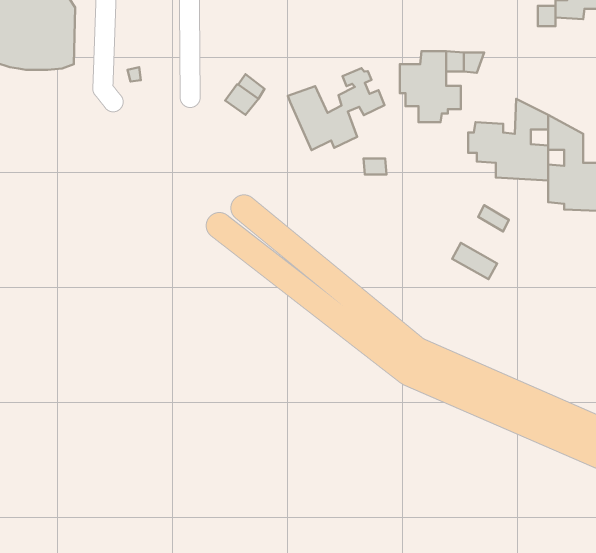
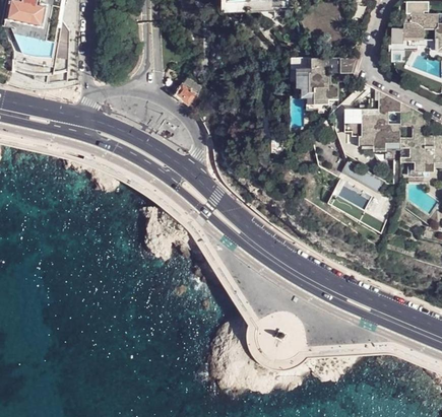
building: [288,68,385,150] -> none

